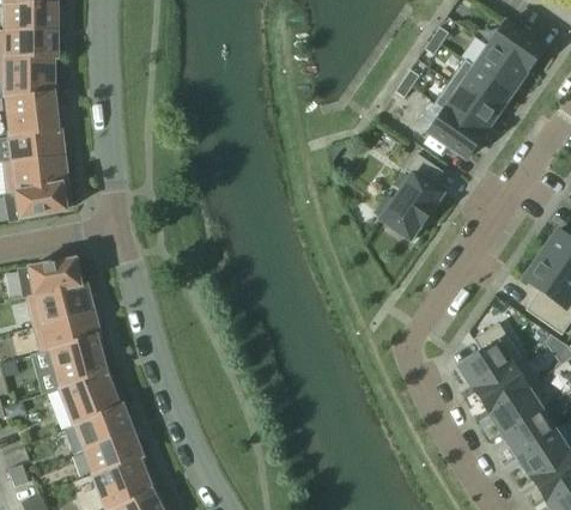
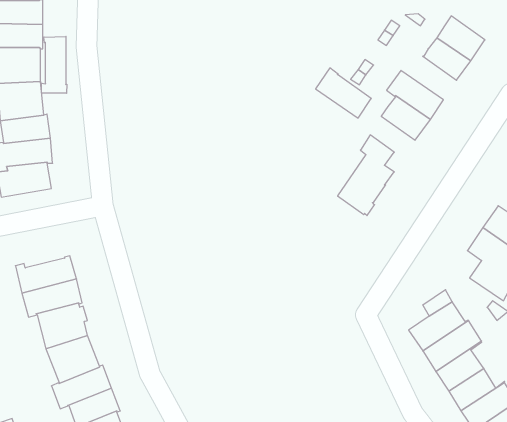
building: none -> [42,36,67,93]
building: [449,59,510,114] -> [316,68,371,118]
building: [19,260,80,298] -> none

